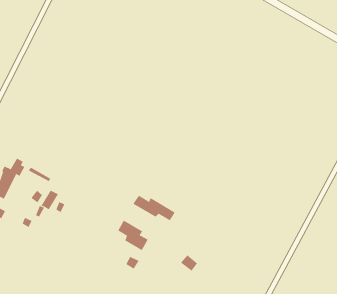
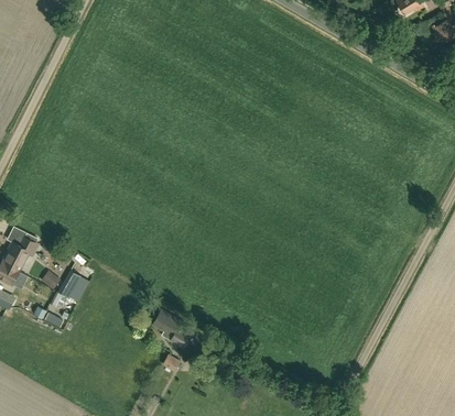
building: [133,195,175,221] -> none

